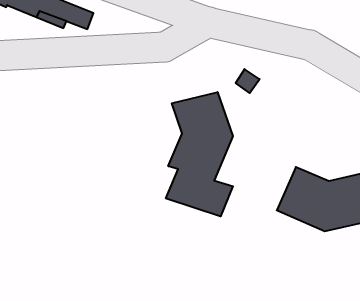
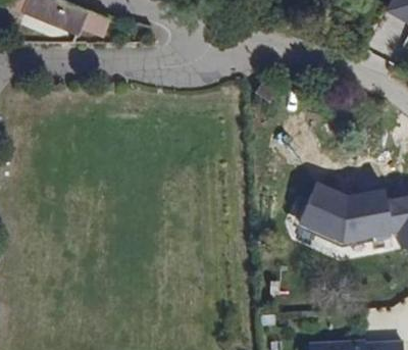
building: [166,92,233,216] -> none

